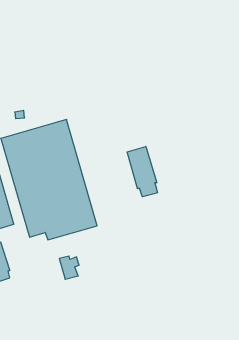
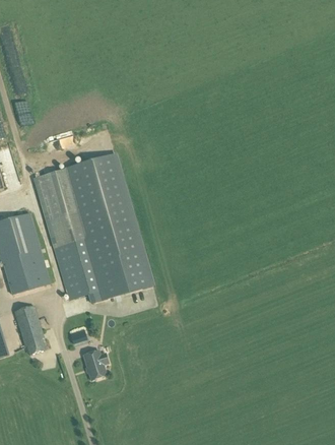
building: [127,146,157,197] -> none
building: [59,256,79,279] -> [83,349,108,378]

